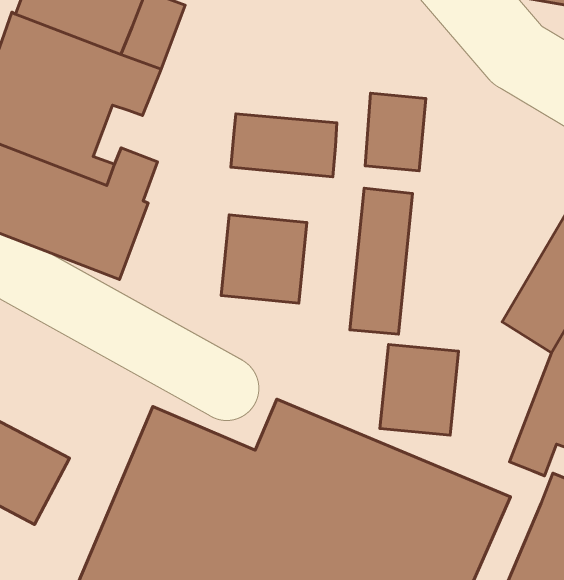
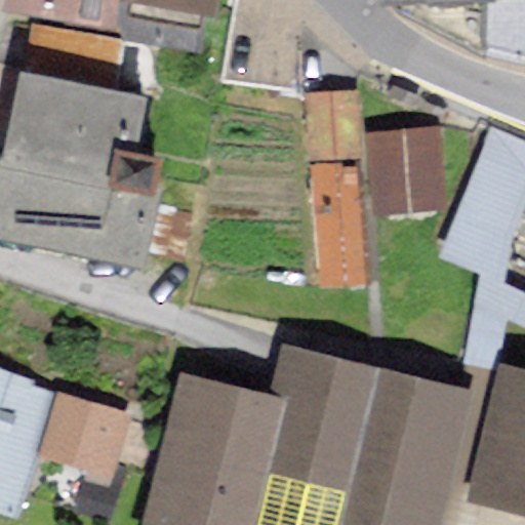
building: [231,114,337,177] -> none
building: none -> [371,129,443,210]
building: [221,215,307,303] -> none
building: [380,345,459,435] -> none

